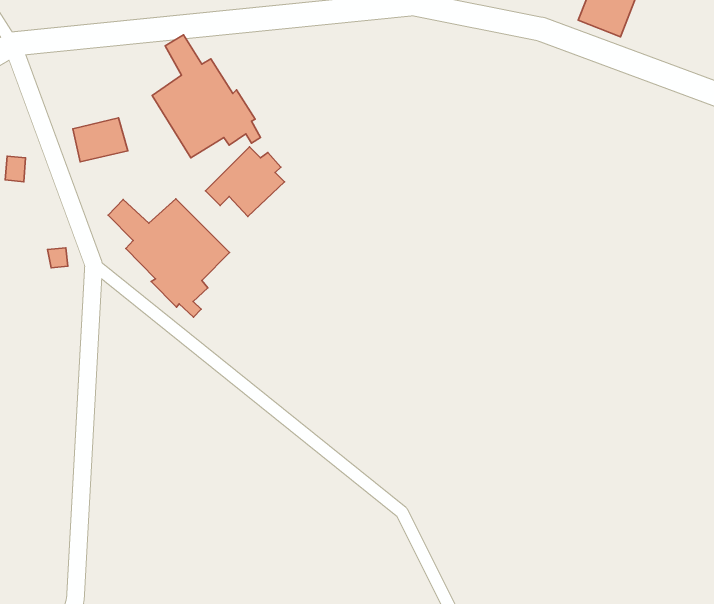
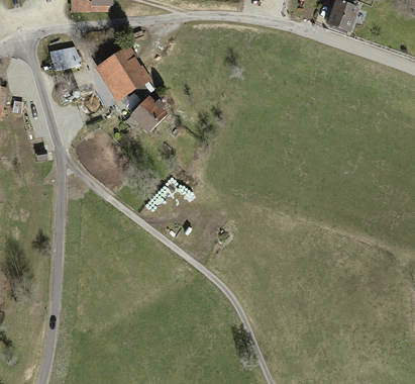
building: [73,118,128,162] -> [49,45,80,70]
building: [108,199,230,317] -> none

